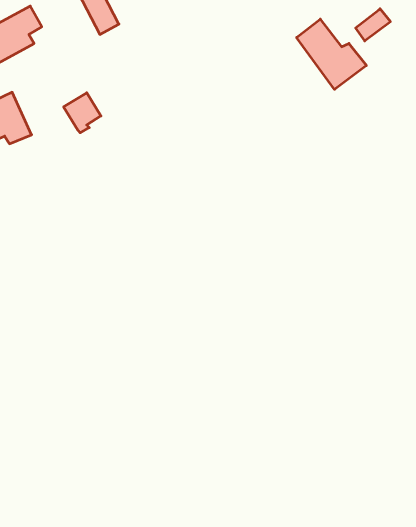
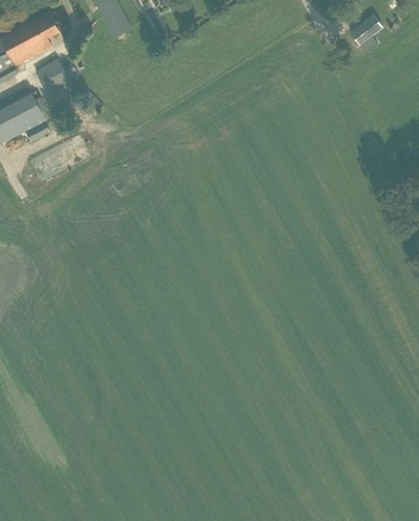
building: [297,19,366,89] -> none
building: [64,93,101,133] -> [35,60,69,97]

